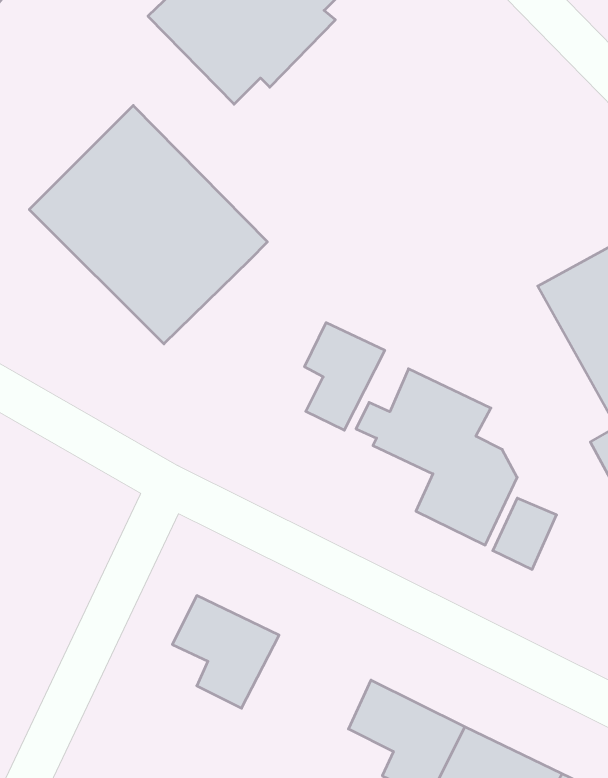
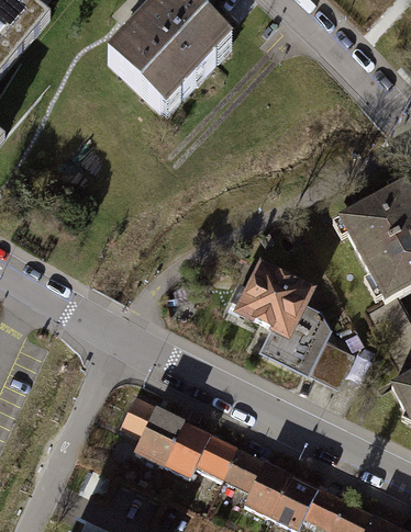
building: [29,105,267,344] -> none
building: [305,323,385,430] -> none
building: none -> [163,421,238,478]

